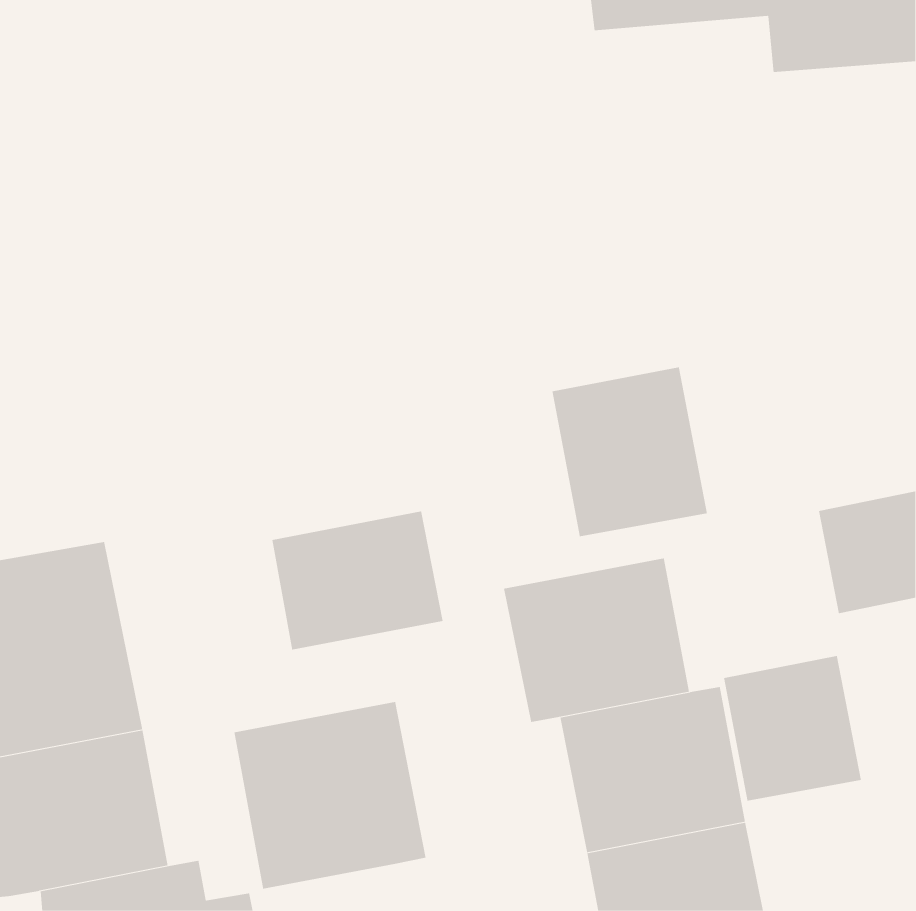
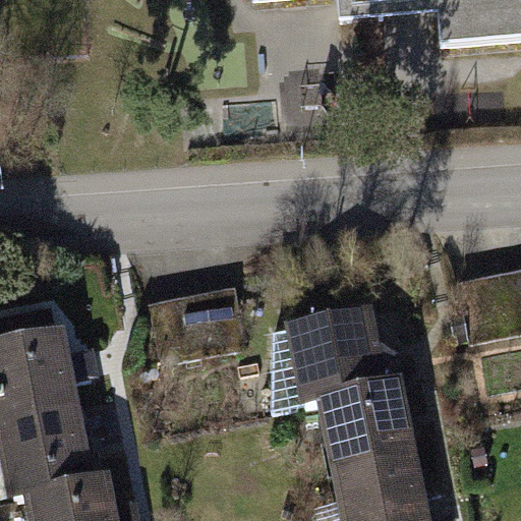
building: [552,366,707,537] -> none
building: [724,655,861,801] -> none
building: [234,701,426,890] -> none

